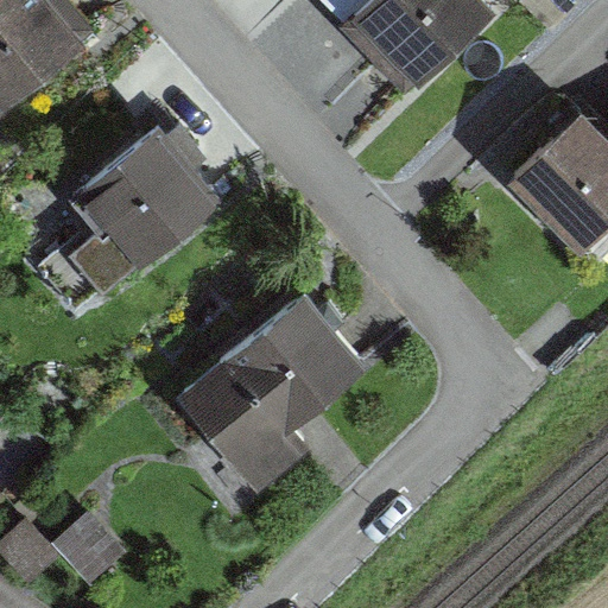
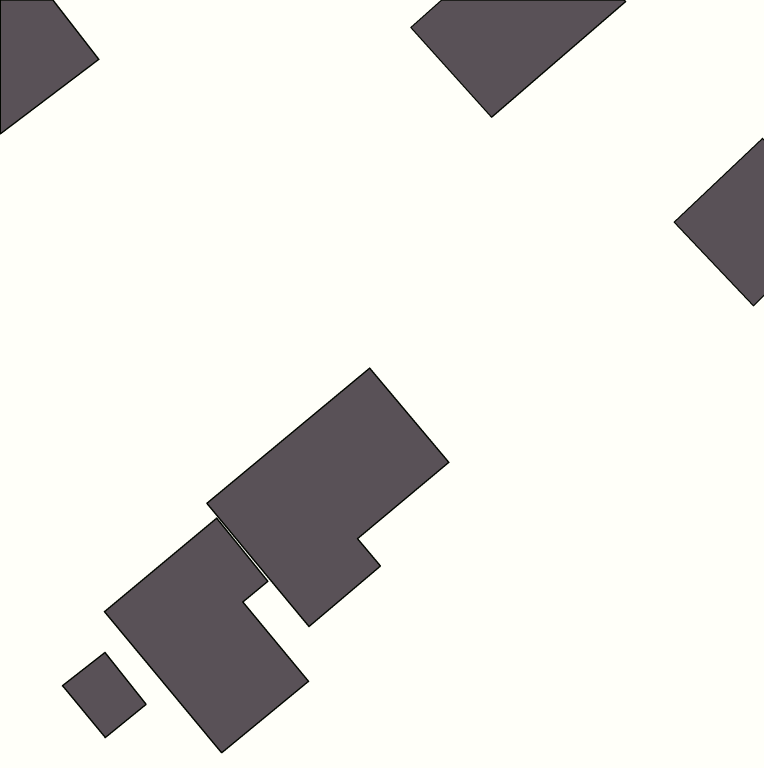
building: [66,118,223,270] -> none
building: none -> [104,518,309,753]

